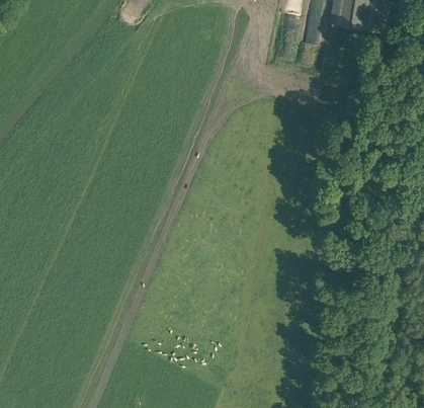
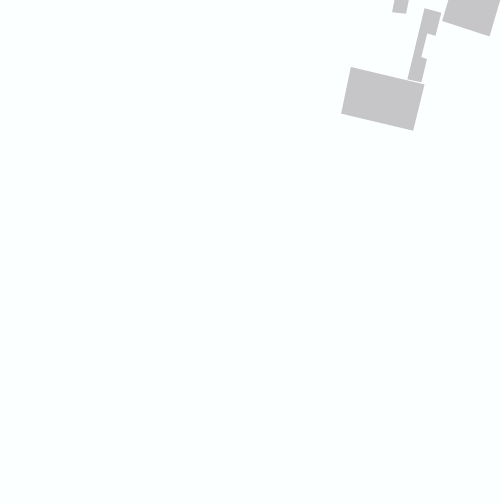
building: none -> [341,66,425,132]

